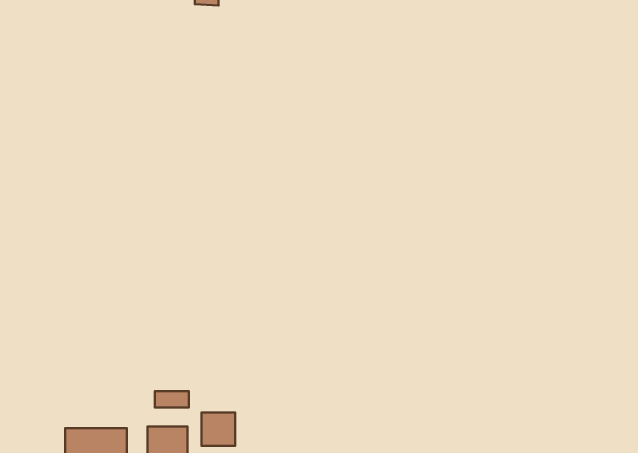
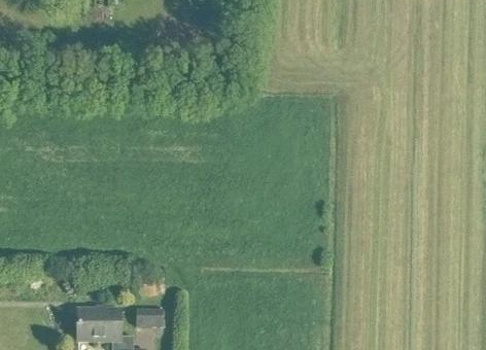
building: [202,413,235,446] -> none

